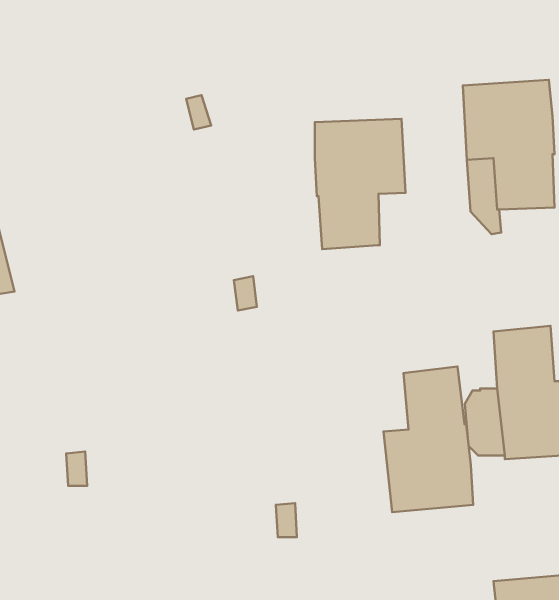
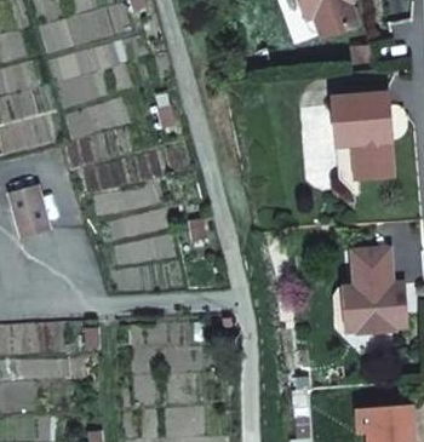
building: [315,119,405,249] -> none
building: [383,366,473,512] -> none

